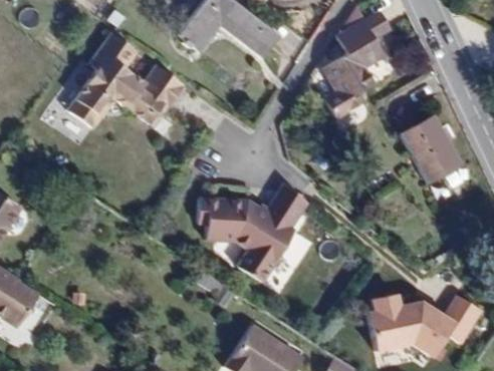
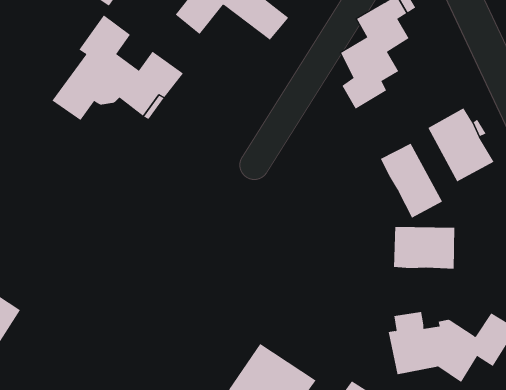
building: none -> [380,143,443,218]
building: [198,183,307,281] -> none
building: none -> [394,226,455,270]

